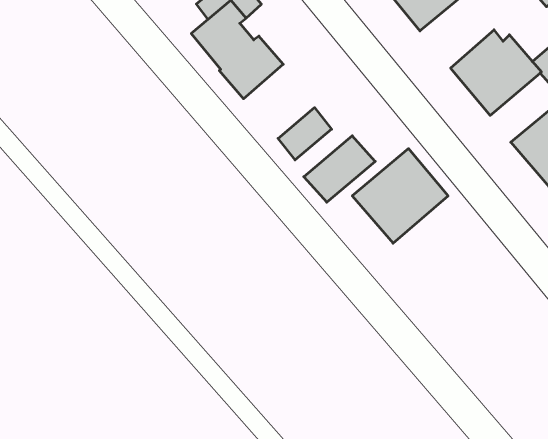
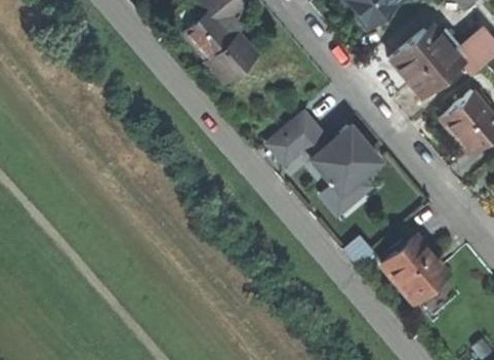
building: [278,108,332,160] -> none
building: none -> [383,237,451,307]

